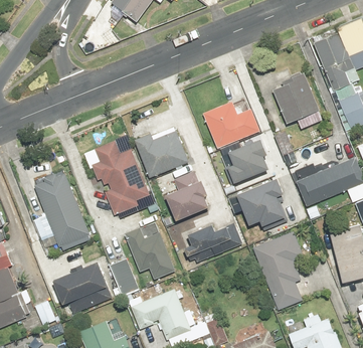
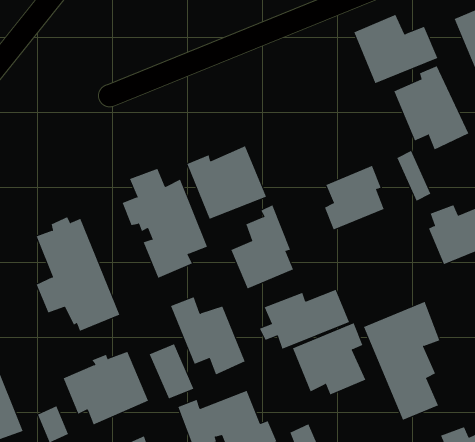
building: [203,102,259,148] -> [354,14,438,84]
building: [235,179,285,227] -> [292,323,366,395]

